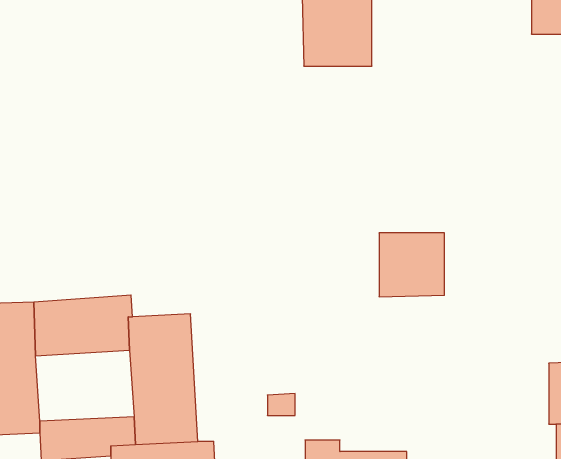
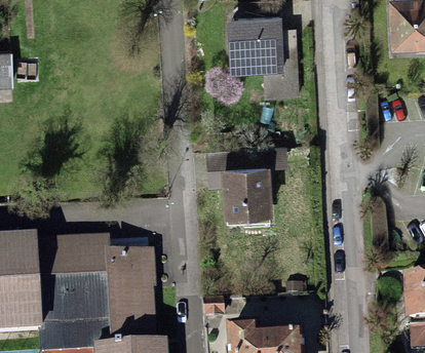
building: [379,233,444,297] -> [223,168,269,213]
building: none -> [40,269,110,319]

